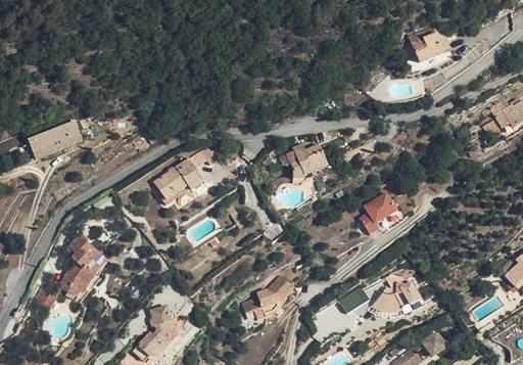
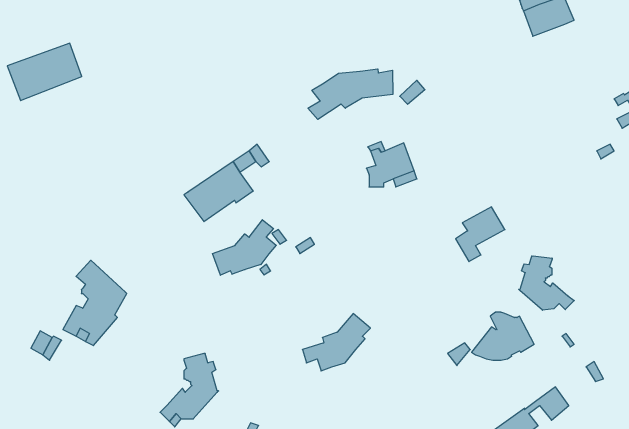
building: none -> [308,69,393,119]
building: [20,116,78,159] -> [7,43,82,101]
building: none -> [212,220,276,275]
building: none -> [519,256,574,310]

